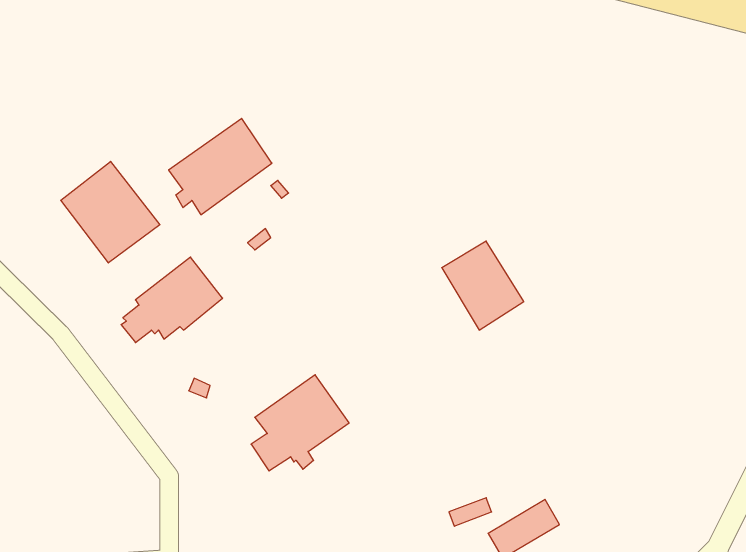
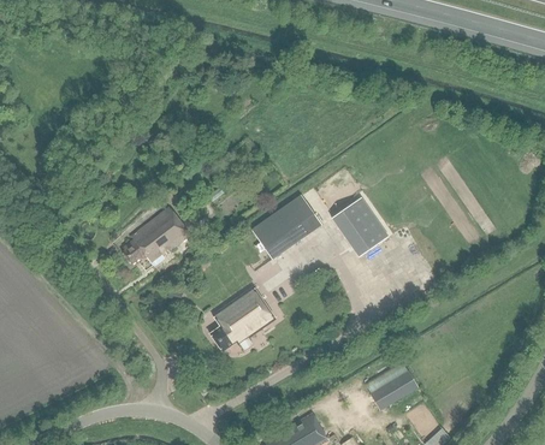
building: [169,118,272,215] -> [249,194,319,259]
building: [61,161,160,263] -> none

